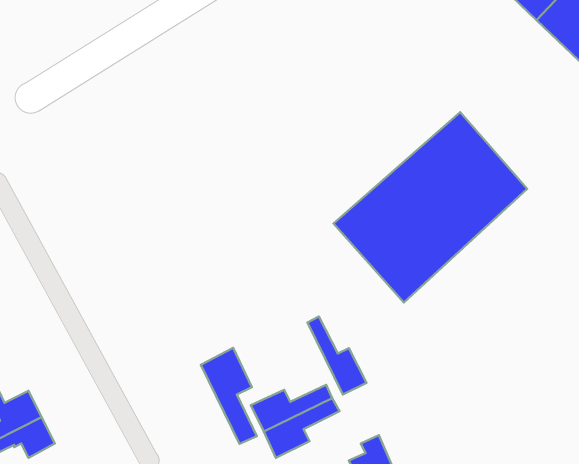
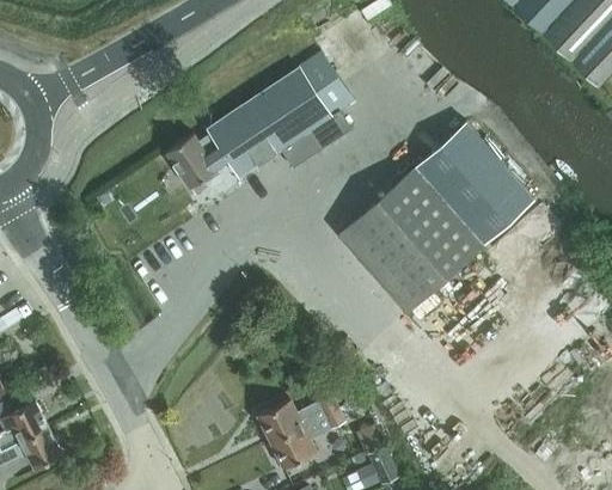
building: none -> [166,54,354,189]
building: [307,316,367,394] -> none
building: [201,348,257,444] -> none

